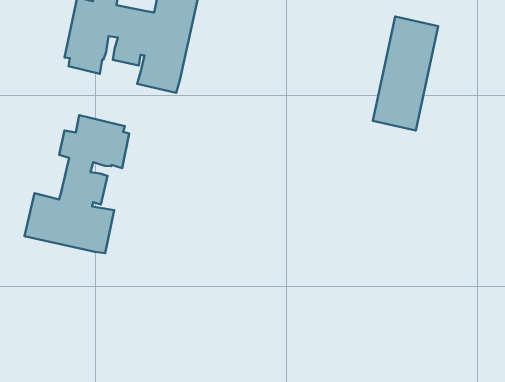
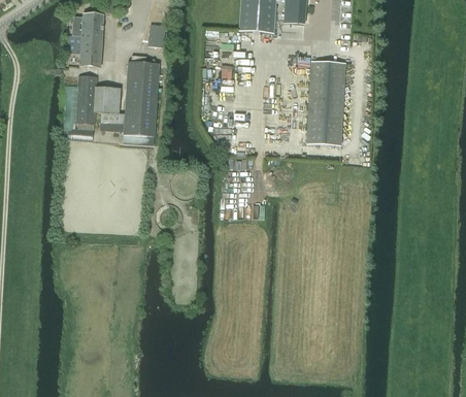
building: [24,115,129,253] -> none

